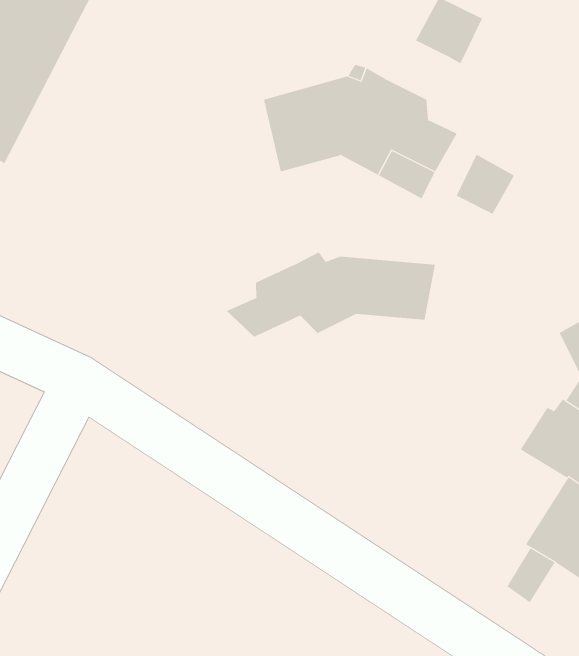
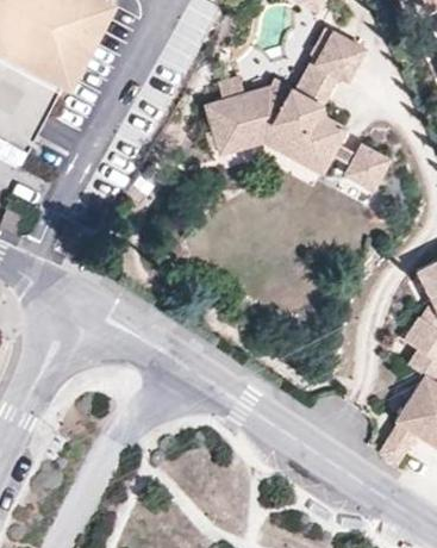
building: none -> [295,57,339,101]
building: [226,251,435,337] -> none

